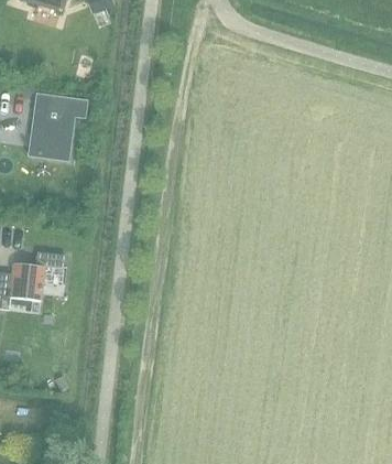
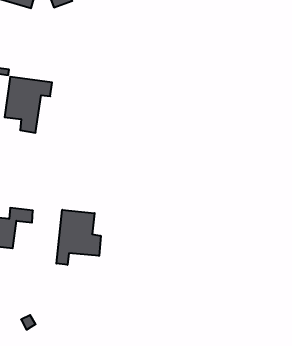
building: none -> [56,210,101,265]

